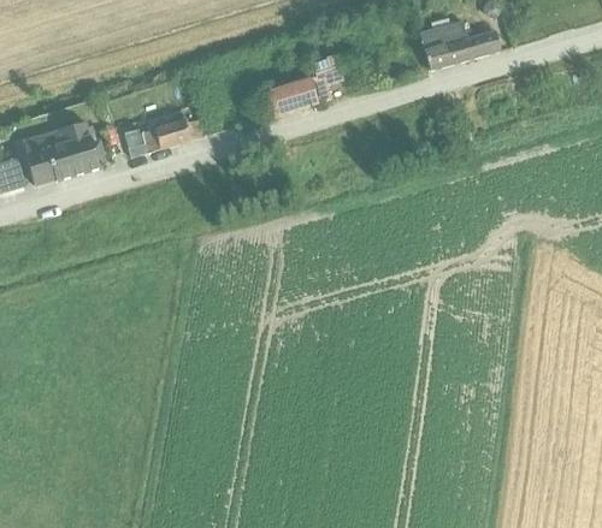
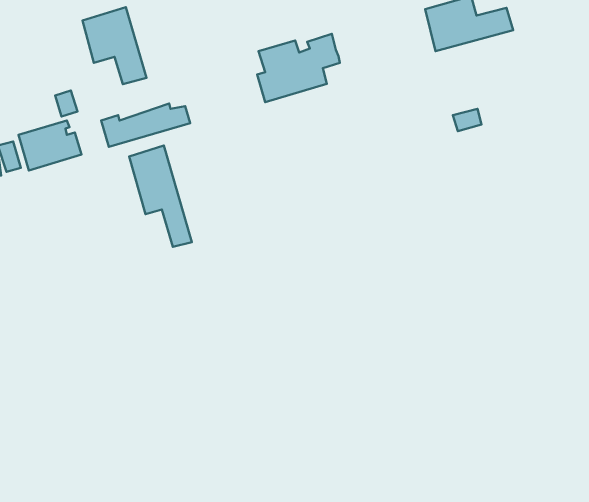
building: none -> [82,7,146,84]
building: none -> [129,145,192,247]

